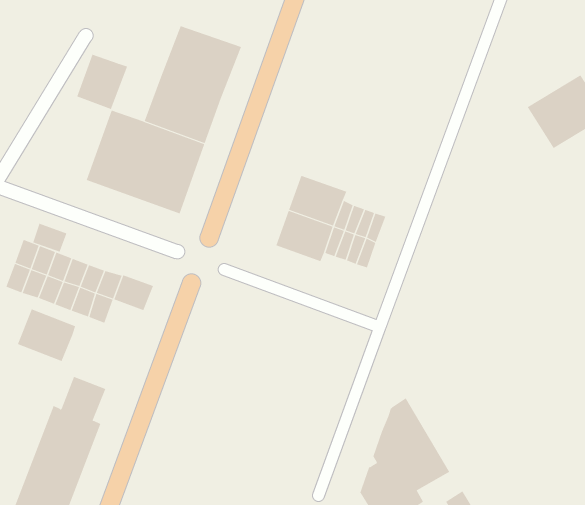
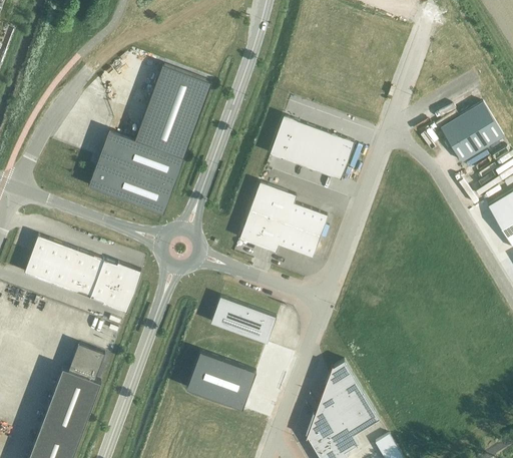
building: [76,54,128,110] -> none
building: none -> [270,117,354,180]
building: [33,223,67,253] -> none
building: none -> [102,283,134,313]
building: [17,308,76,362] -> none
building: none -> [210,298,277,344]
building: none -> [186,352,255,410]

